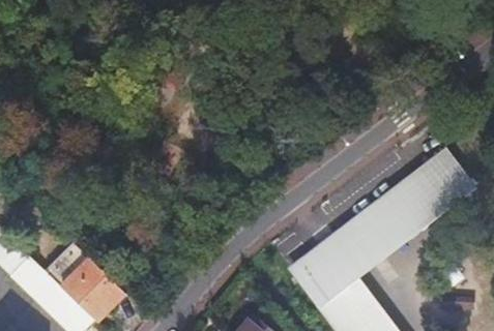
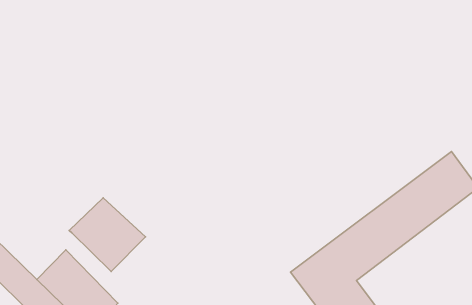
building: none -> [69,198,145,272]

